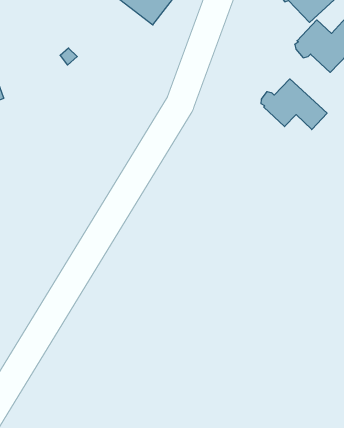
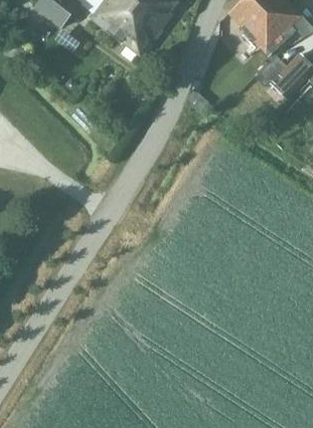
building: [261,79,327,130] -> none

